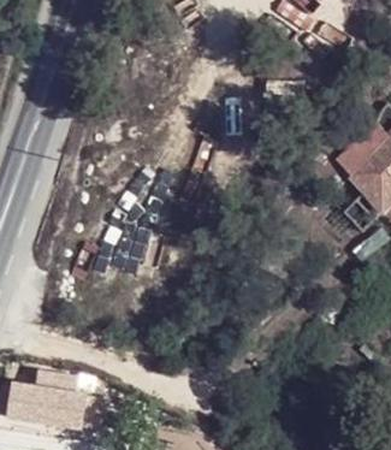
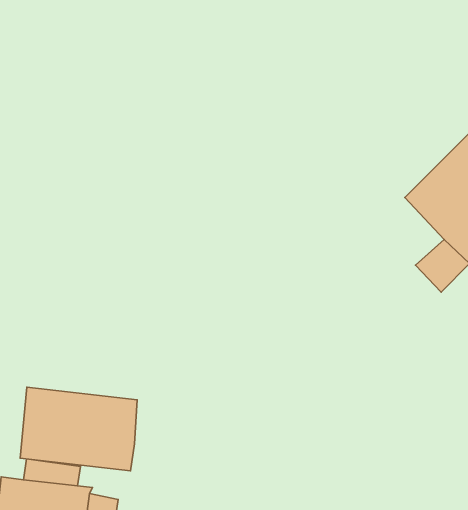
building: none -> [20,387,137,471]

